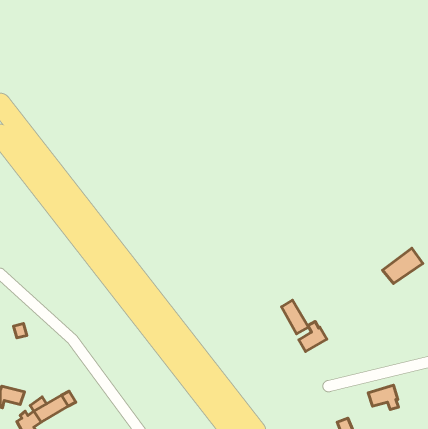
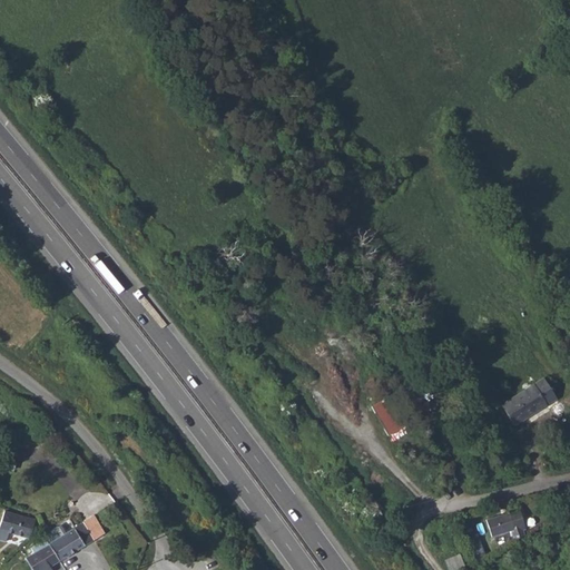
building: [383,248,423,284] -> [498,377,551,424]
building: [299,321,327,352] -> none

